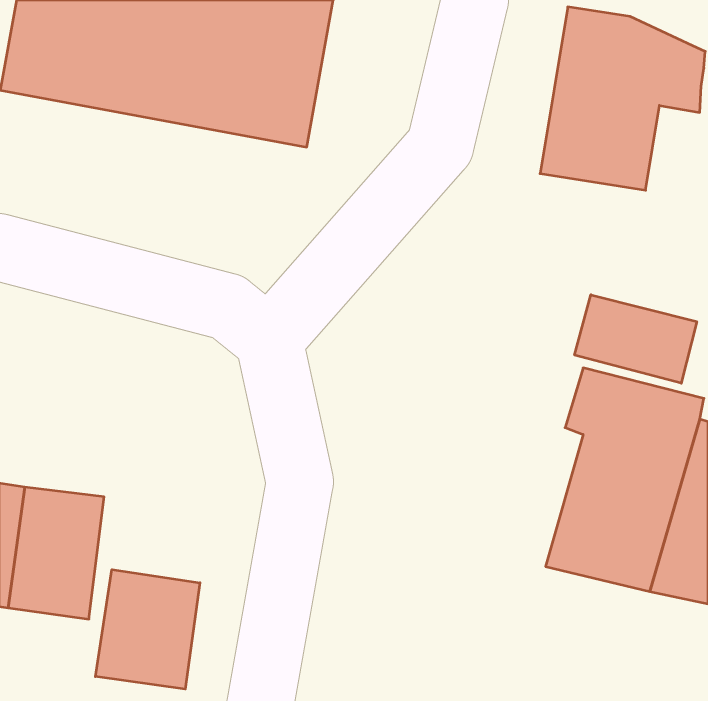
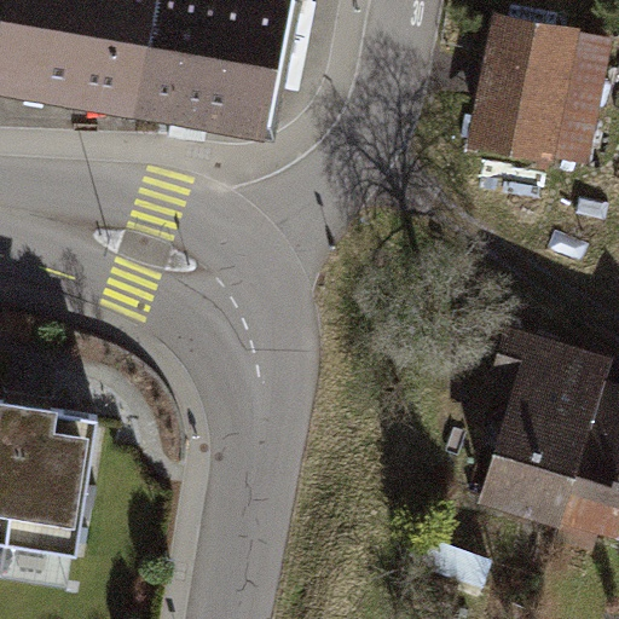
building: [575,295,697,383] -> none
building: [95,570,200,689] -> none

